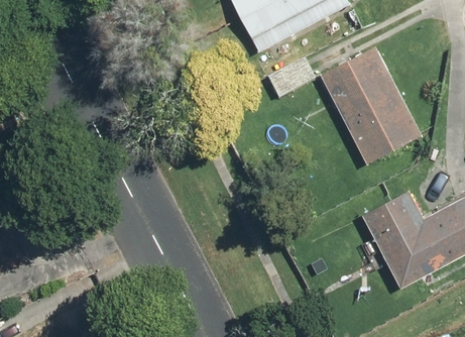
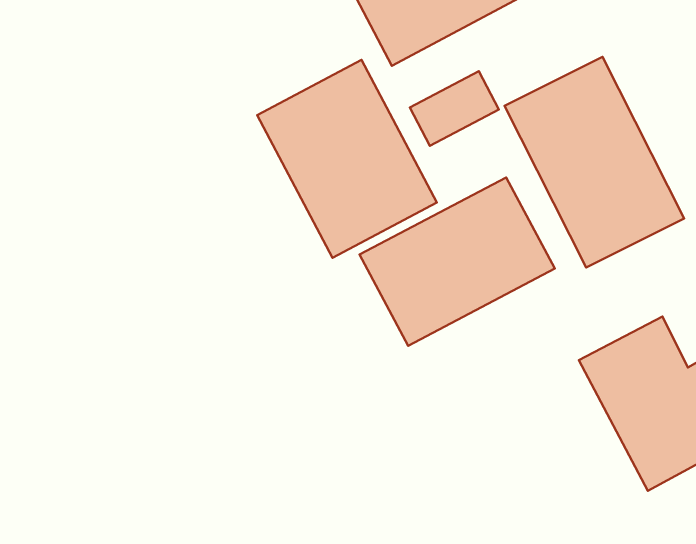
building: none -> [257,60,437,258]
building: none -> [360,177,555,346]

